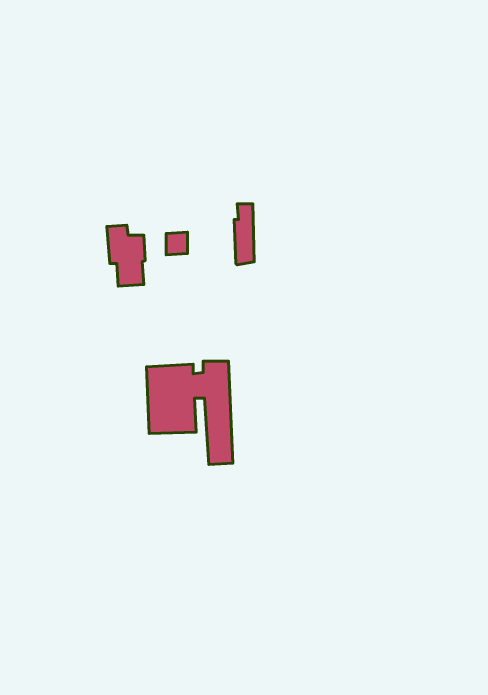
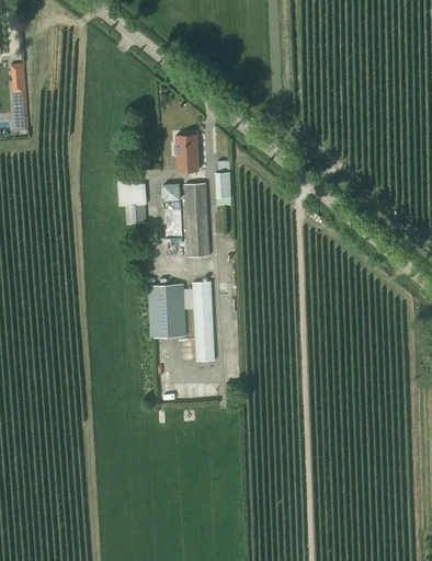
building: none -> [175,134,198,171]
building: none -> [183,183,208,256]

